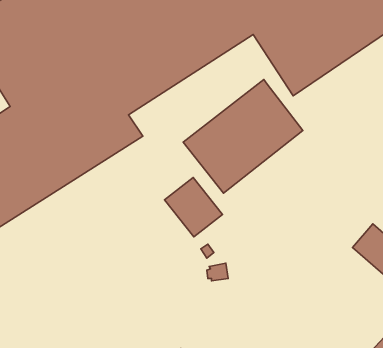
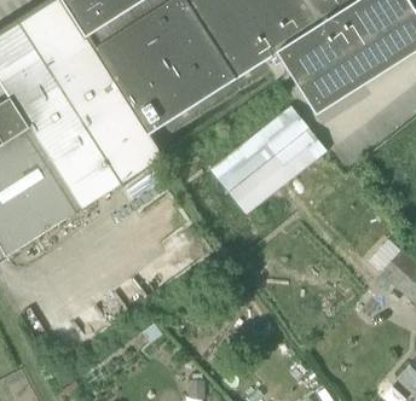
building: [164,177,223,237] -> none

